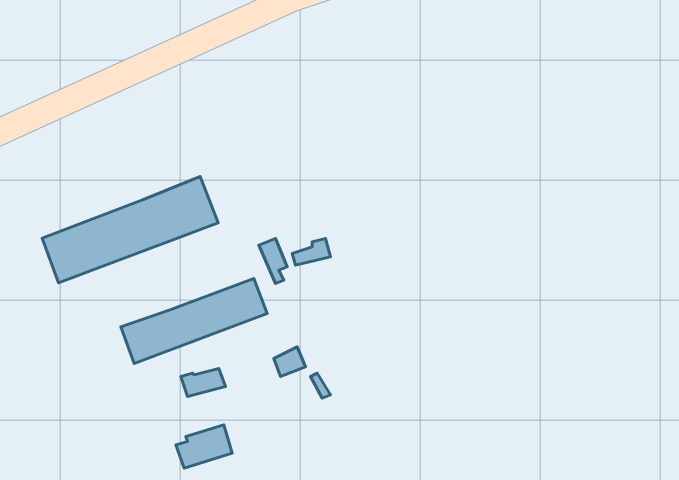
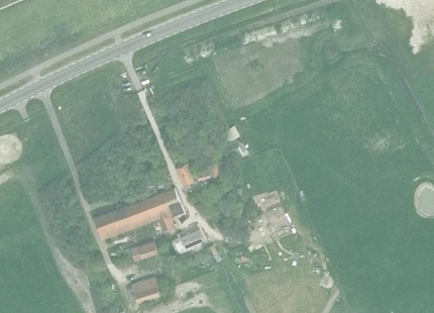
building: [42,177,218,283] -> none

